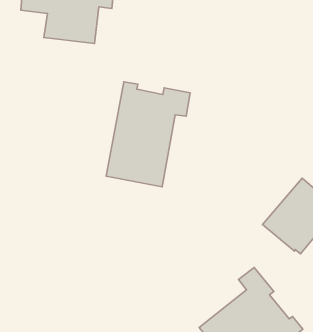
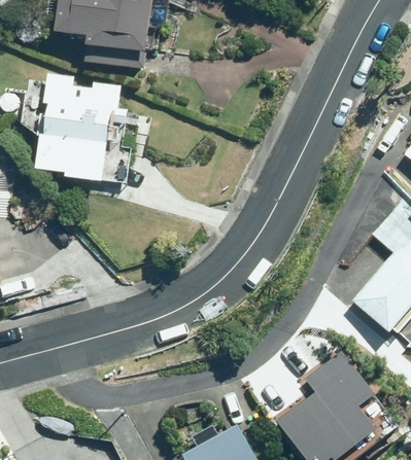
building: none -> [37,79,128,181]
building: [106,82,190,187] -> none

